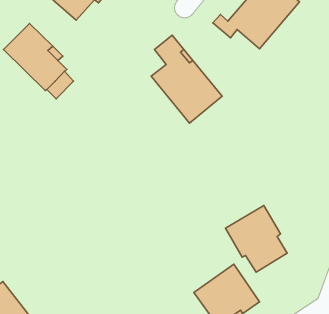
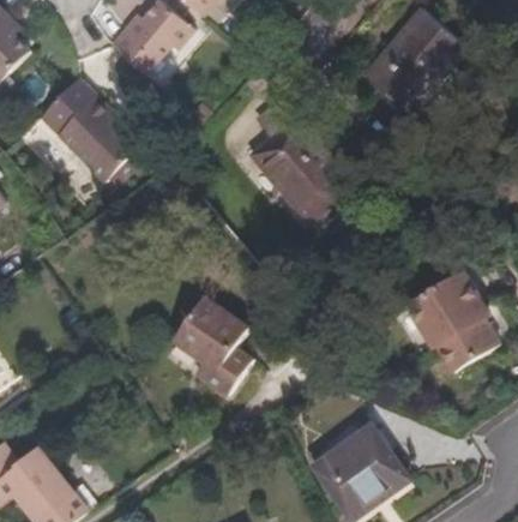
building: none -> [175,298,253,395]
building: [225,205,287,272] -> [409,272,498,368]

